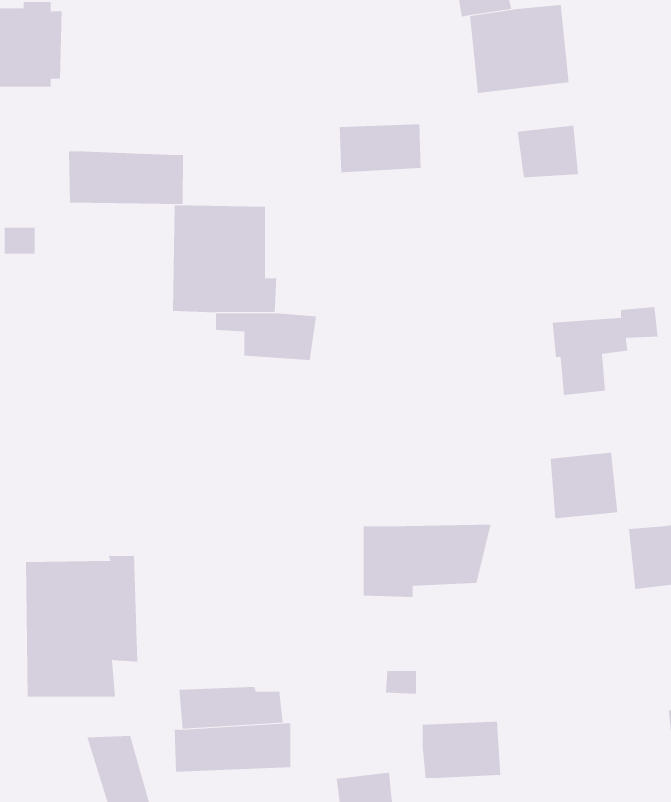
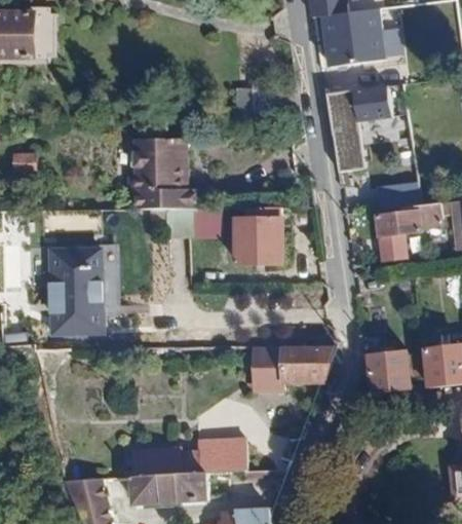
building: none -> [328,90,361,170]
building: [69,150,184,205] -> none
building: none -> [232,205,281,263]
building: [550,452,618,519] -> [367,349,411,392]
building: [25,556,138,697] -> [47,244,120,335]
building: [422,721,501,778] -> [197,436,248,473]

